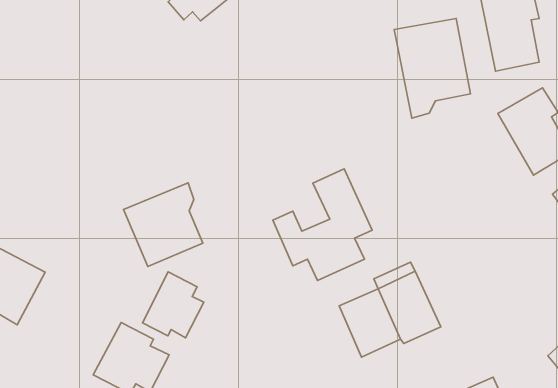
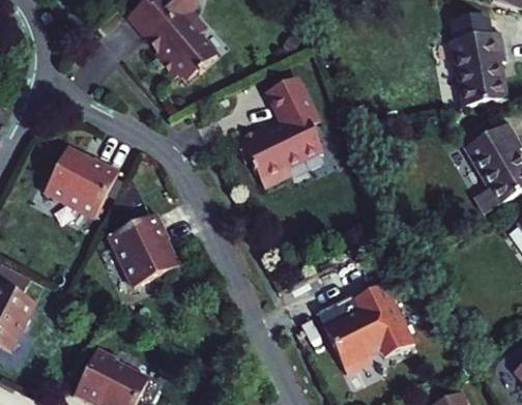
building: [394,18,471,118] -> none
building: none -> [52,158,113,212]
building: [273,169,372,280] -> [228,84,320,187]
building: [142,272,204,338] -> none

